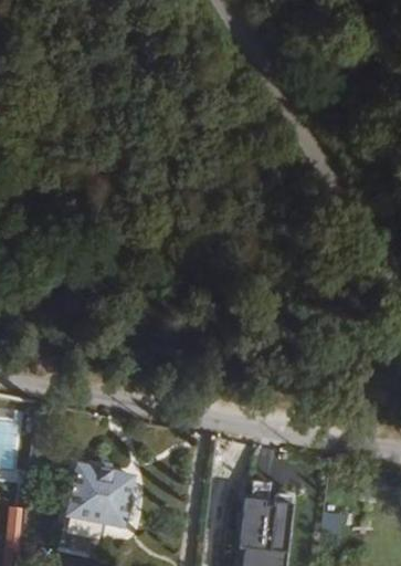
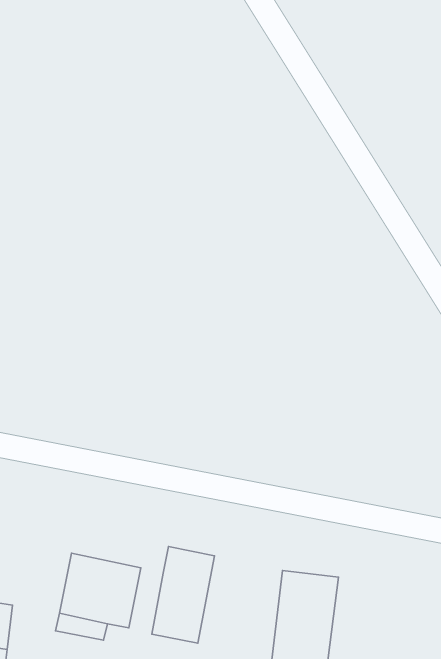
building: none -> [152,547,215,643]

